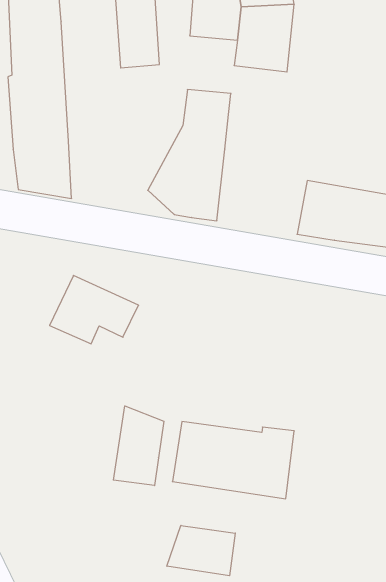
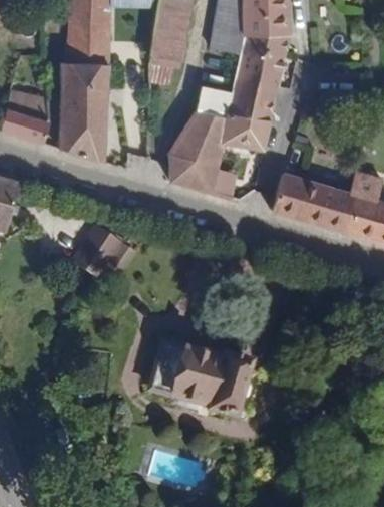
building: none -> [224,76,279,151]
building: [113,406,164,486] -> none
building: [167,525,235,576] -> none

